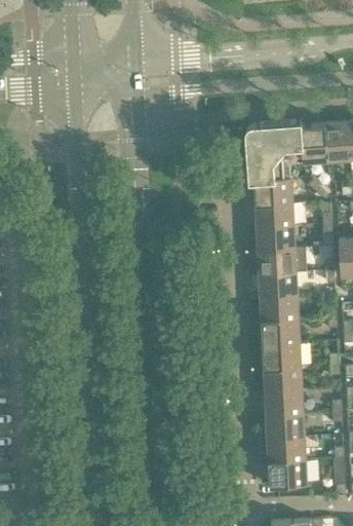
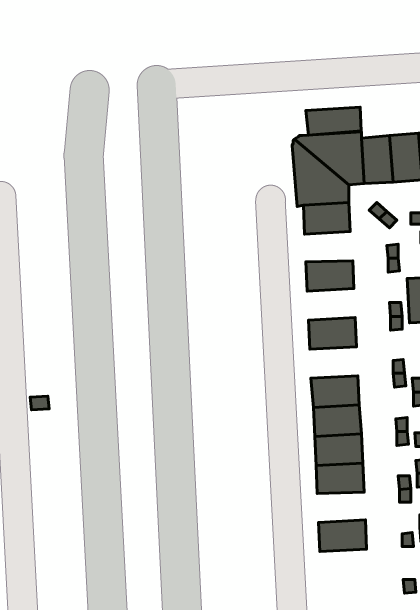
building: none -> [306,107,361,135]
building: [254,202,293,227] -> none
building: [257,249,306,274] -> none
building: [259,296,298,322] -> none
building: [265,414,304,439] -> none
building: [267,460,306,487] -> none

